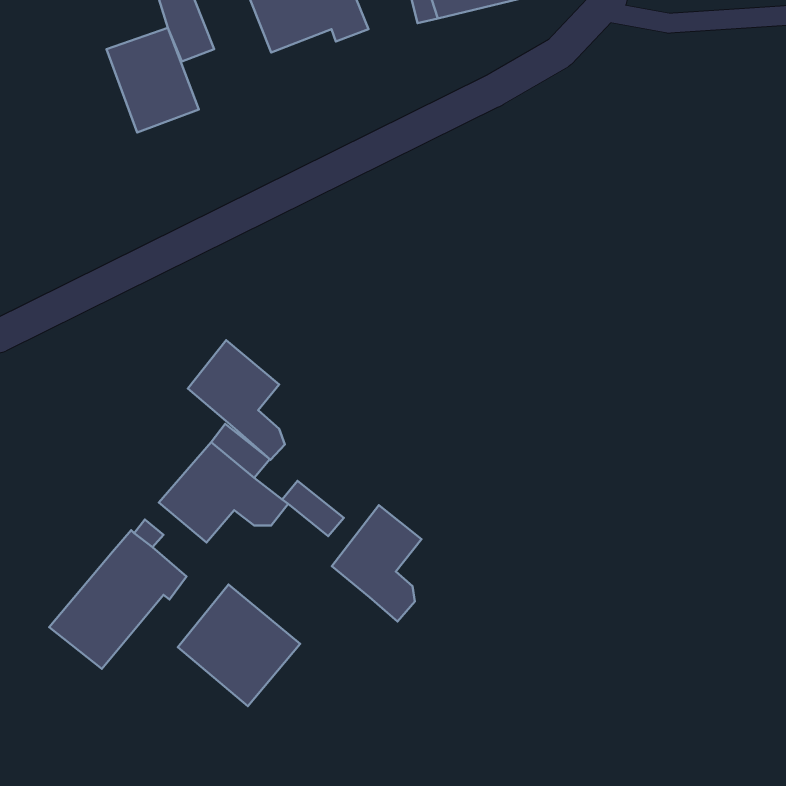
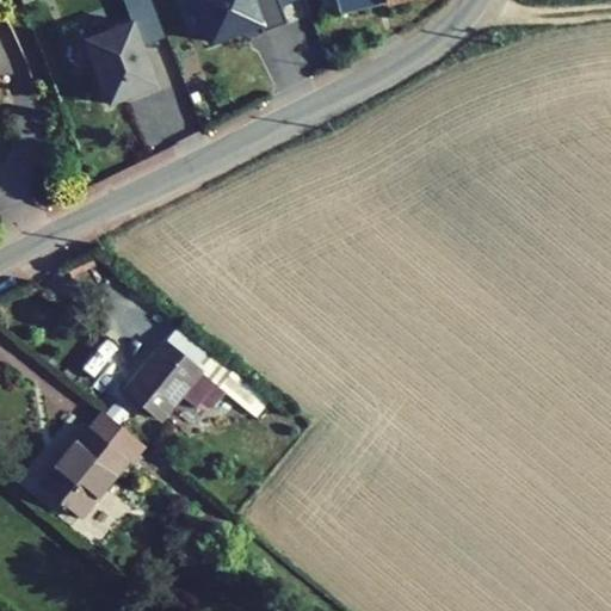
building: [188,340,285,460] -> none
building: [332,505,421,622] -> none
building: [178,585,300,706] -> none

